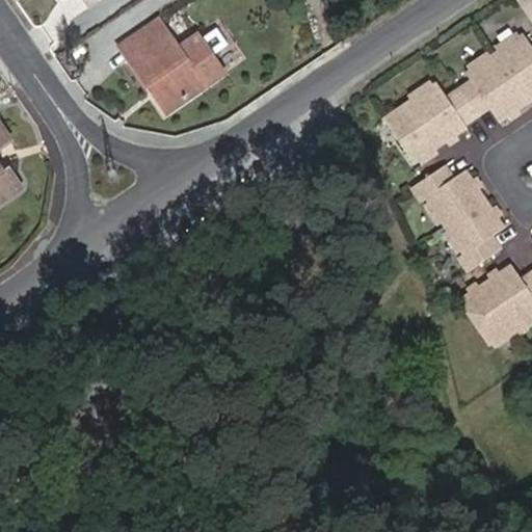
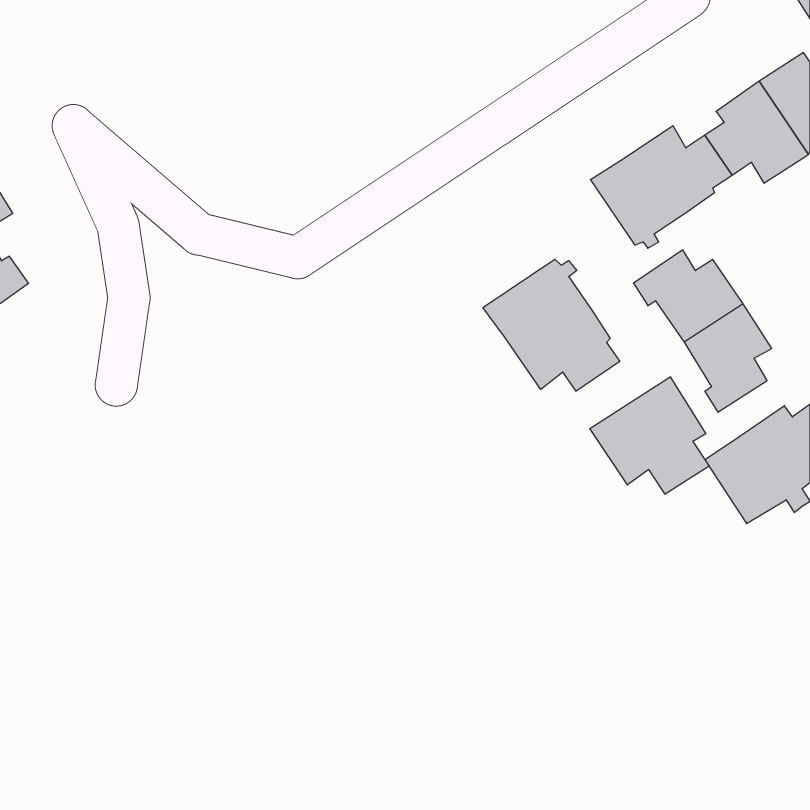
building: [124,26,221,110] -> none
building: none -> [483,259,620,391]
building: none -> [590,377,709,494]

